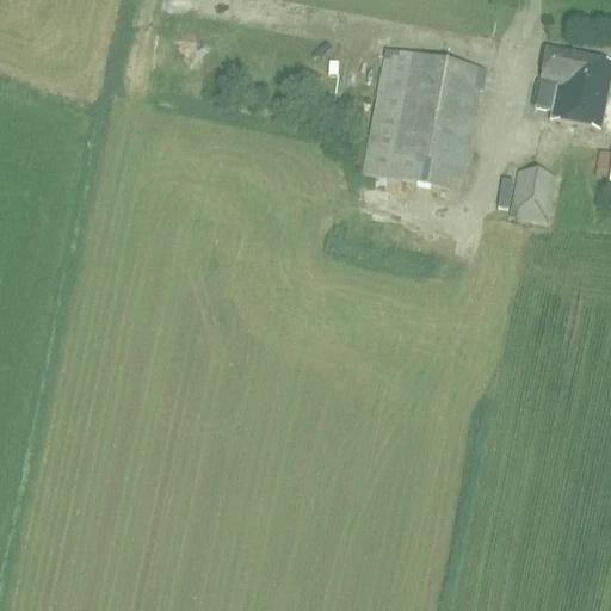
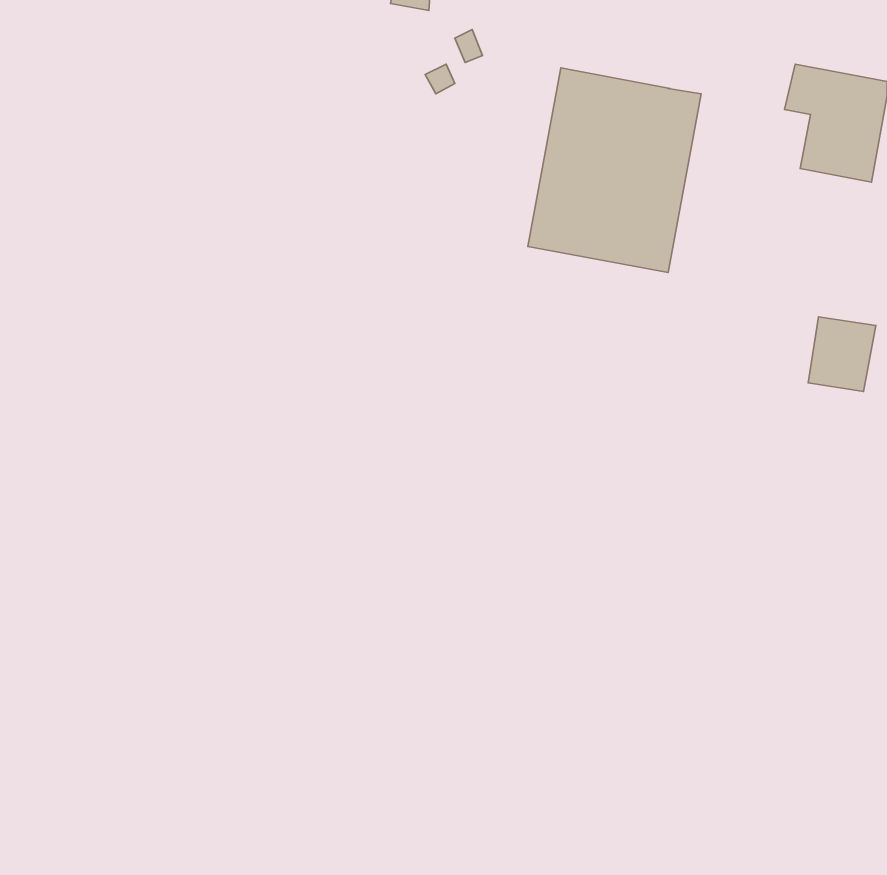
building: [510,165,556,216] -> [808,317,876,391]

